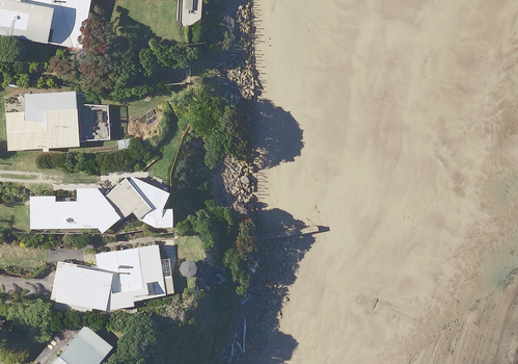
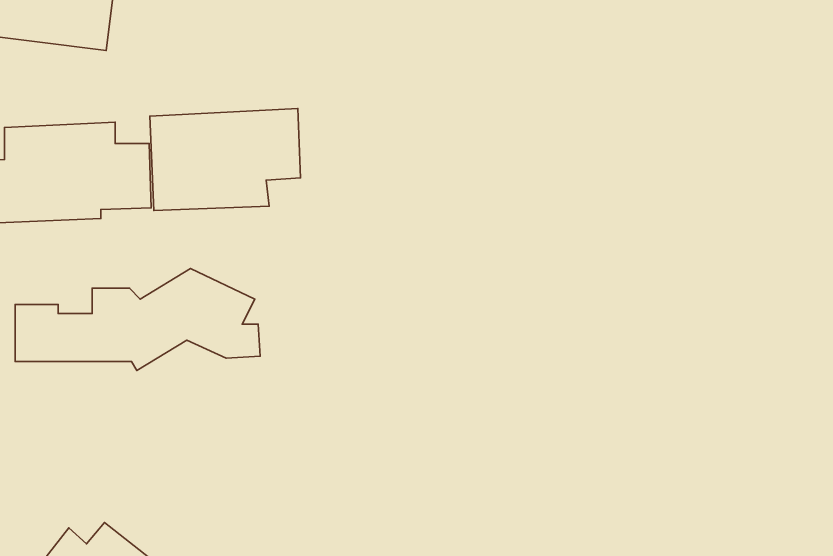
building: none -> [150,109,301,211]
building: [53,249,162,307] -> none

